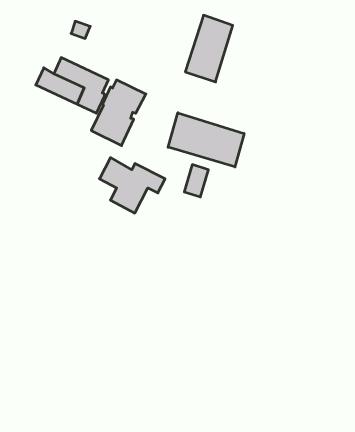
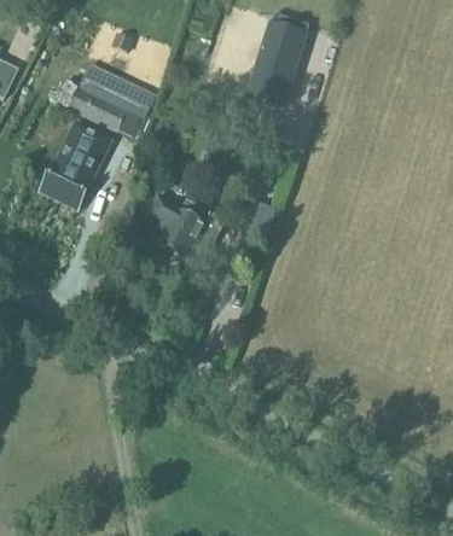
building: [91,80,146,146] -> [42,127,108,205]
building: [168,113,244,167] -> none

